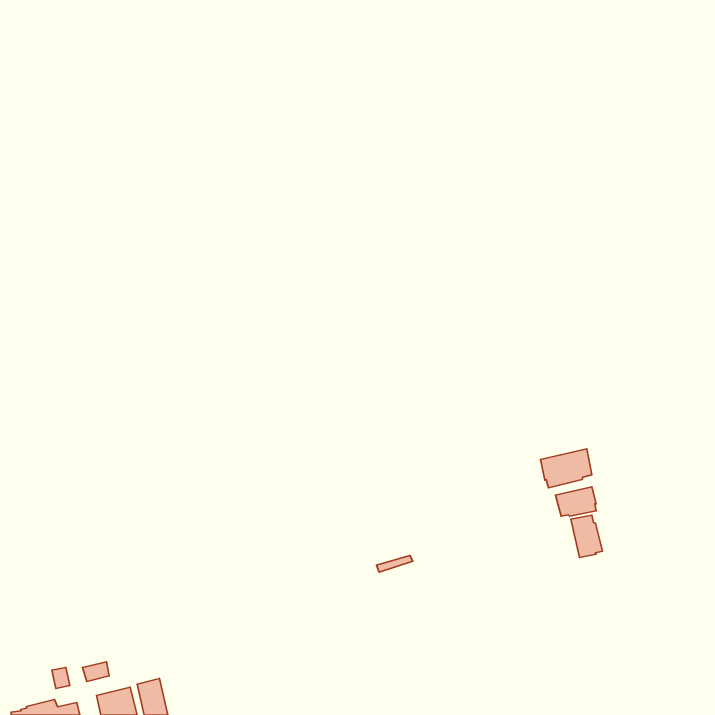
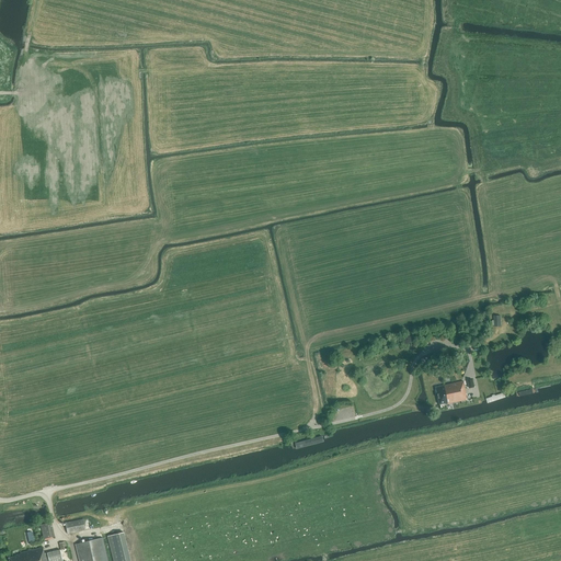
building: [540,449,592,488] -> none
building: [571,515,602,558] -> none

